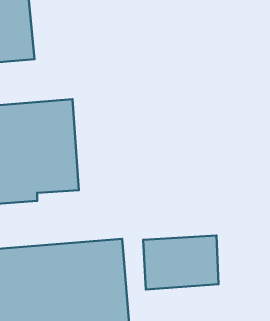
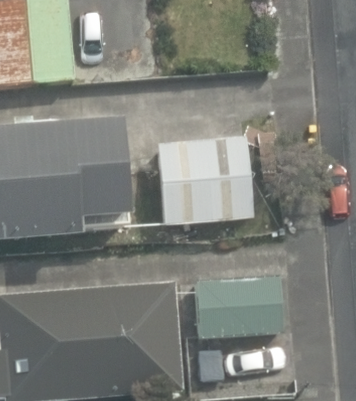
building: none -> [159,134,253,226]

